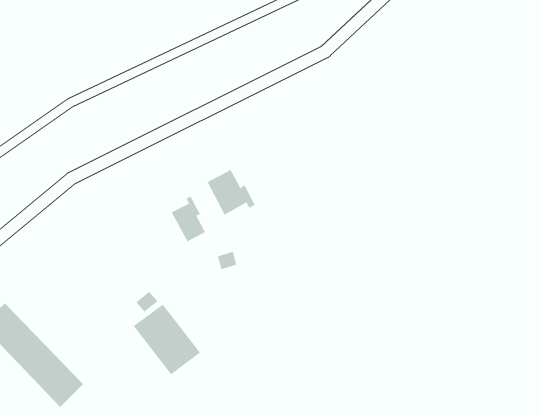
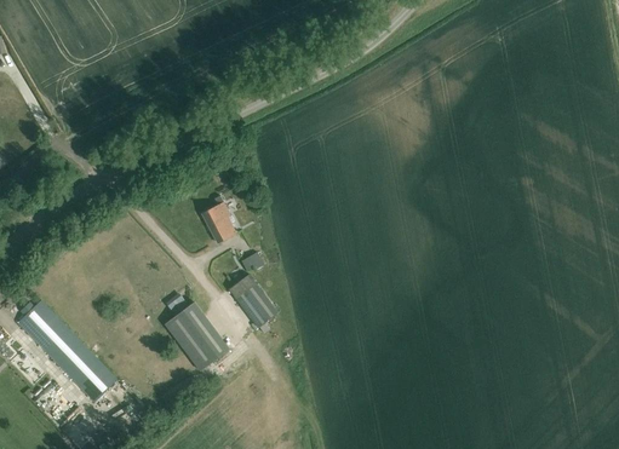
building: [207,169,256,215] -> none
building: none -> [230,274,276,324]

